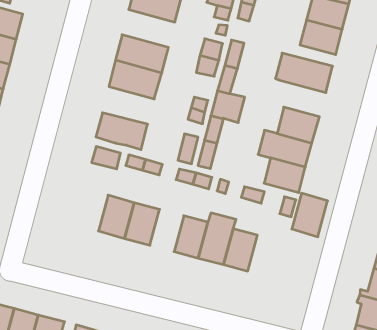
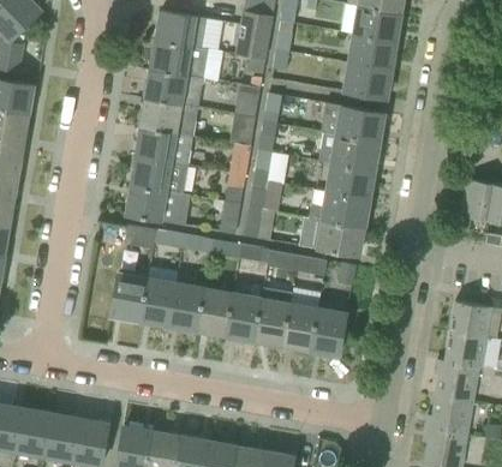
building: none -> [145,70,203,108]
building: none -> [333,136,378,170]
building: none -> [131,157,187,196]
building: none -> [110,274,145,319]
building: [292,193,328,237] -> [309,309,346,355]
building: none -> [197,289,232,335]

